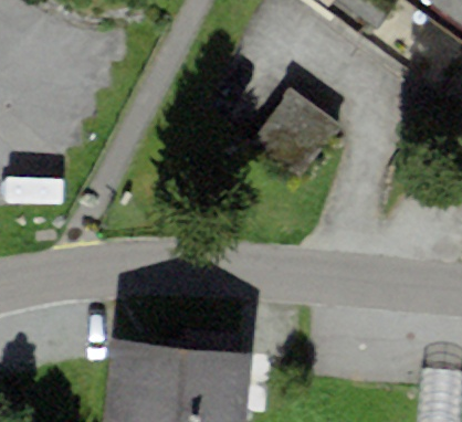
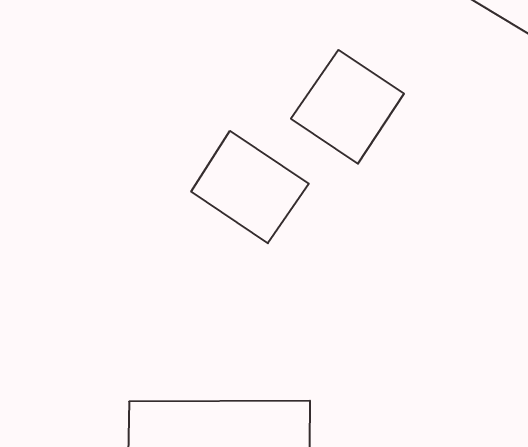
building: none -> [191,131,309,243]

